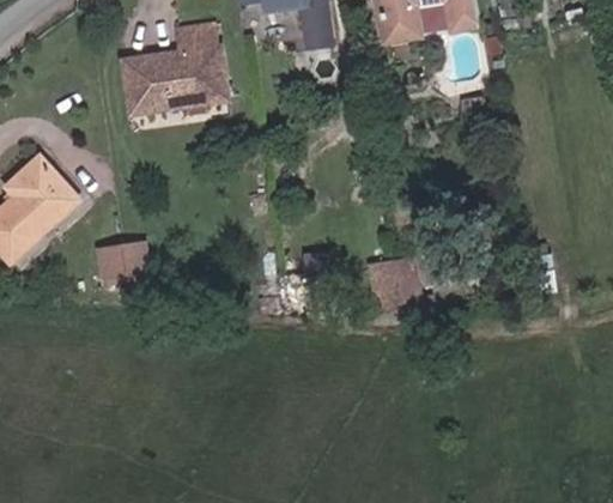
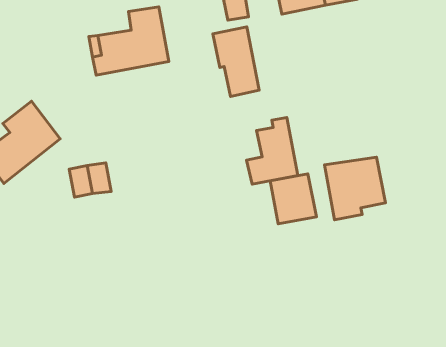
building: none -> [213,27,259,97]
building: none -> [247,118,298,184]
building: none -> [324,157,385,220]

